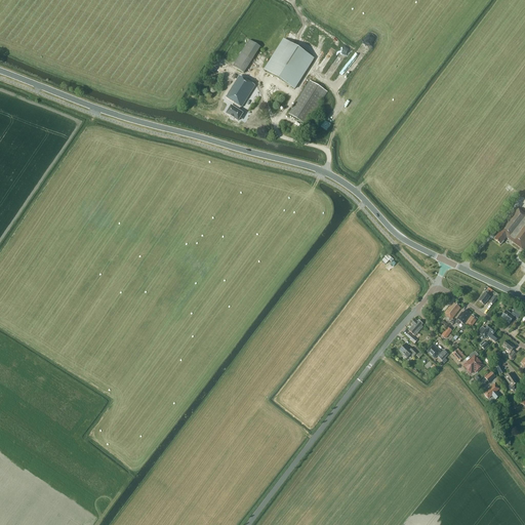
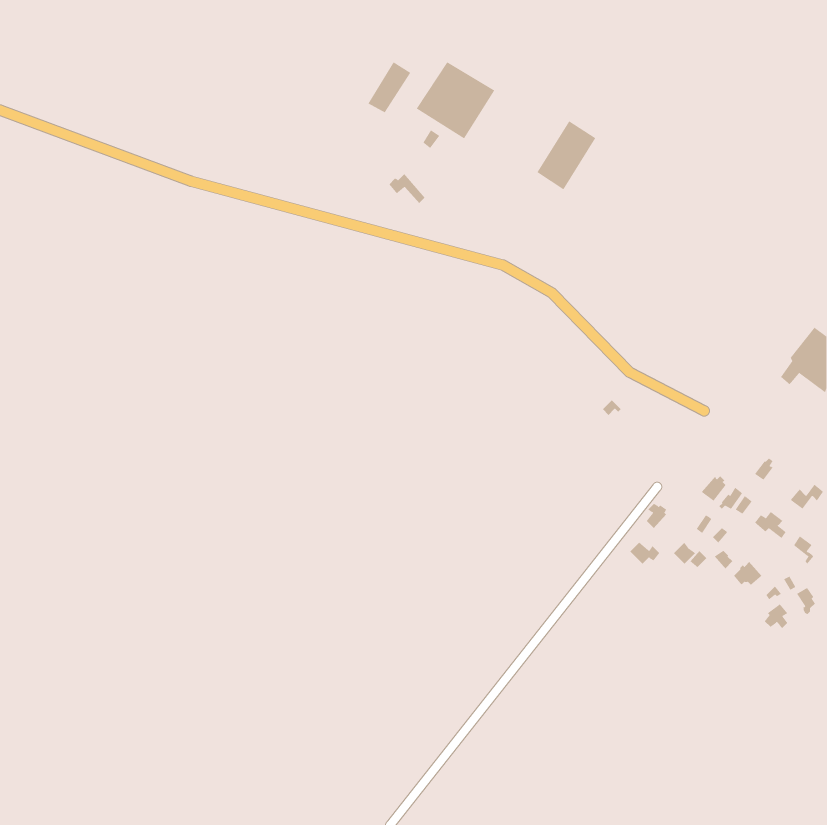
building: [226,75,255,120] -> none
building: [289,80,327,124] -> [536,120,596,190]

